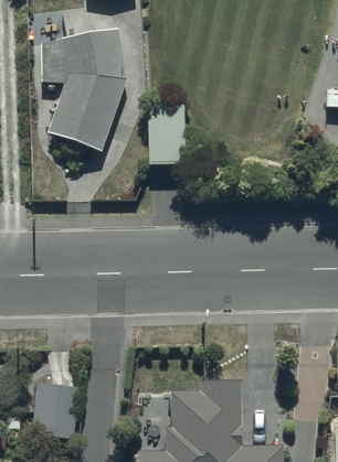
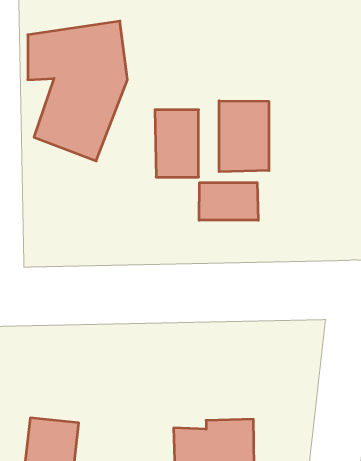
building: none -> [219,101,269,172]
building: none -> [199,183,258,220]

